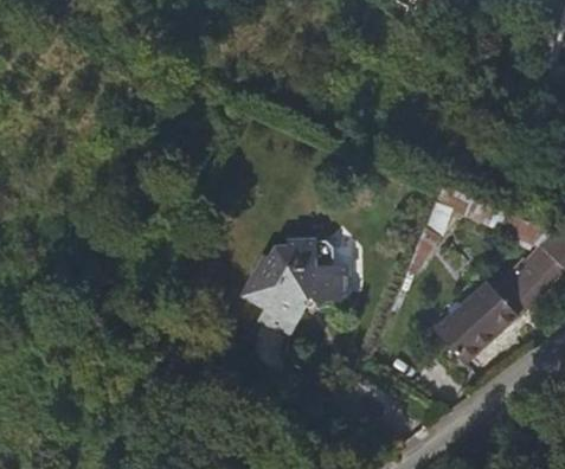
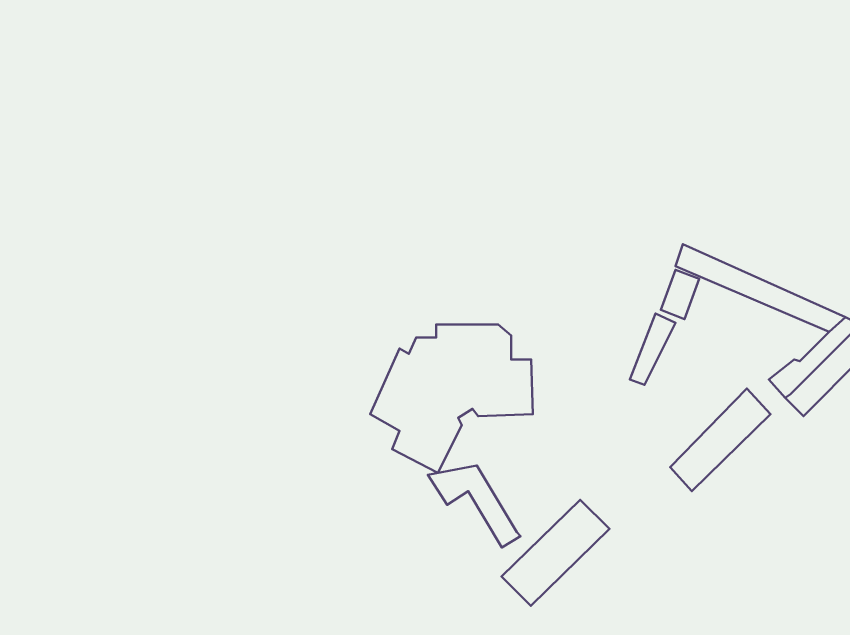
building: [451,296,521,365] -> [502,500,609,606]
building: none -> [428,465,520,547]

